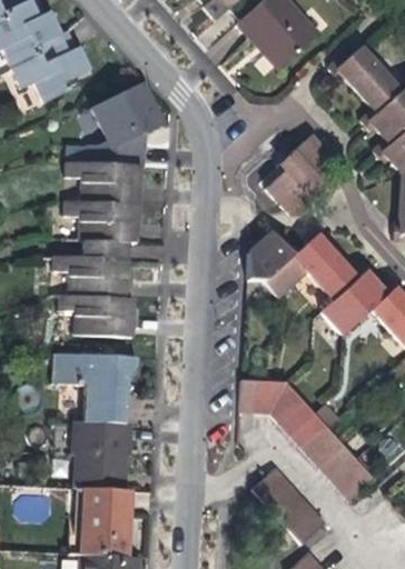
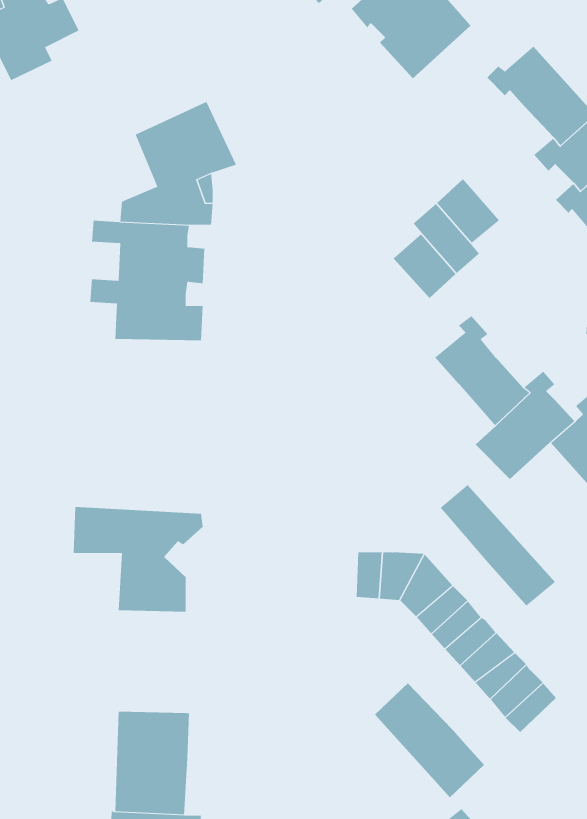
building: [12,36,90,102] -> none
building: [247,219,309,296] -> none
building: [53,254,135,337] -> none
building: none -> [440,484,556,607]
building: [70,419,136,488] -> none

